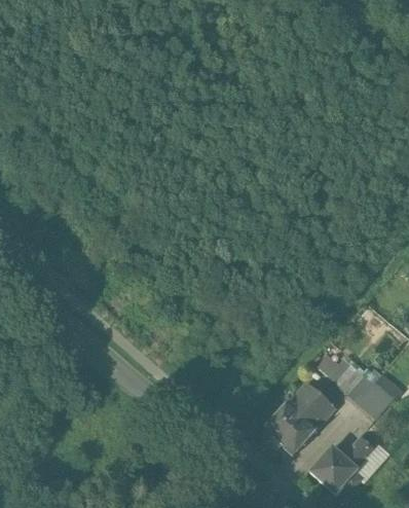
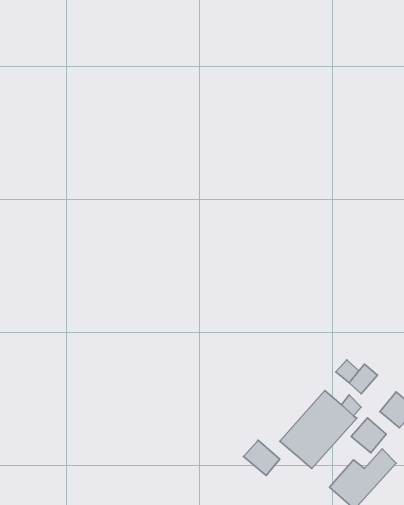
building: [340,367,373,400] -> [351,418,386,453]
building: none -> [244,440,280,476]

